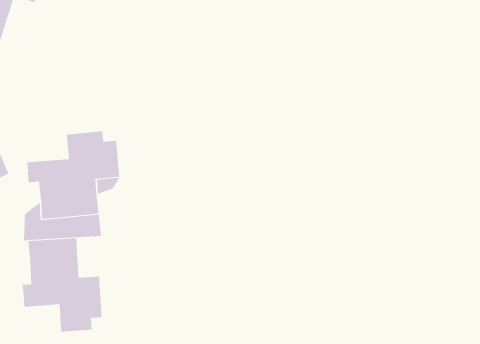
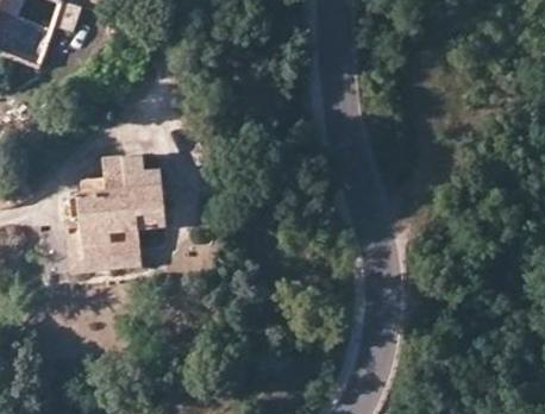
building: [22,238,102,332] -> none

